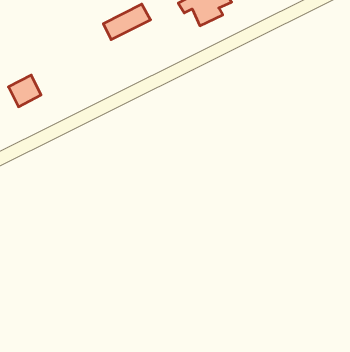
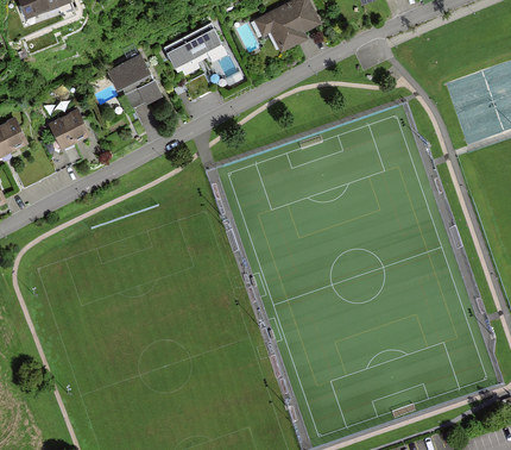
building: none -> [107,54,160,106]

